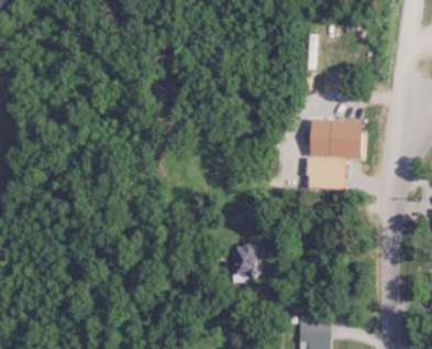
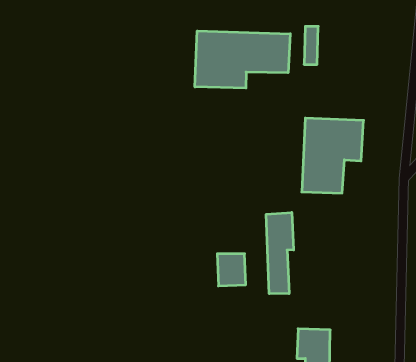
building: none -> [195,31,290,88]
building: none -> [266,212,294,294]

